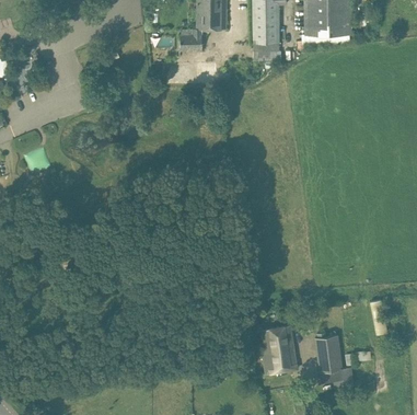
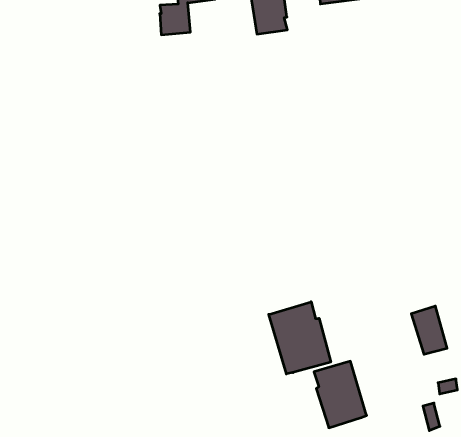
building: none -> [269,302,331,374]
building: [314,334,338,370] -> [411,306,447,354]

